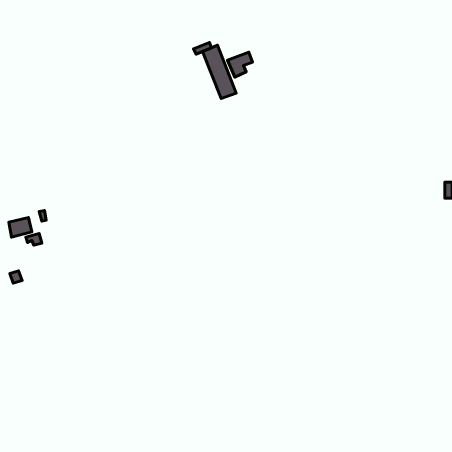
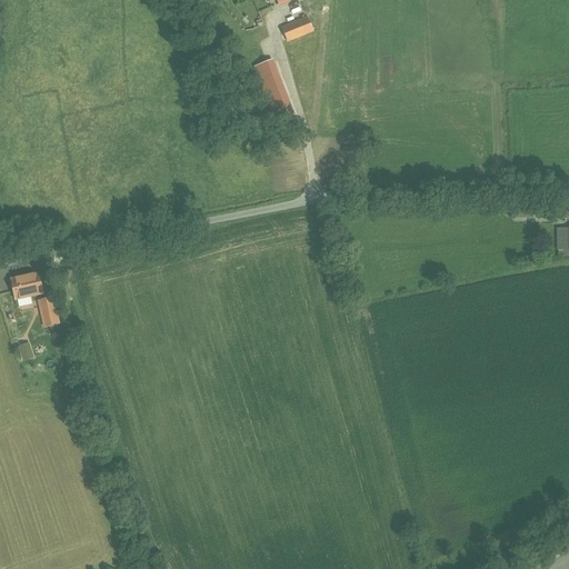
building: [228,52,253,77] -> [280,17,311,48]

